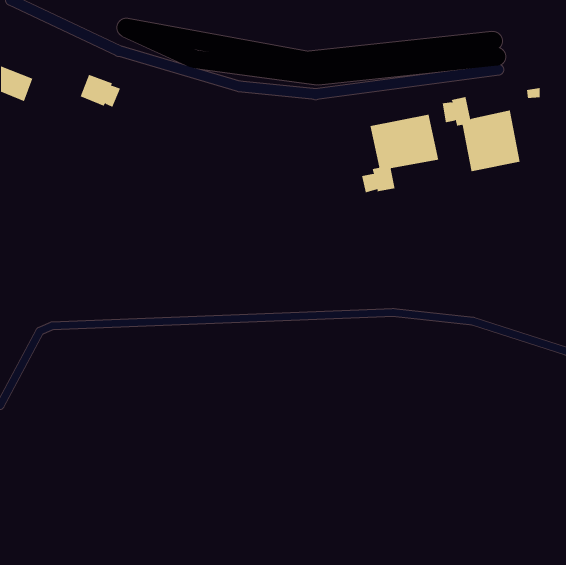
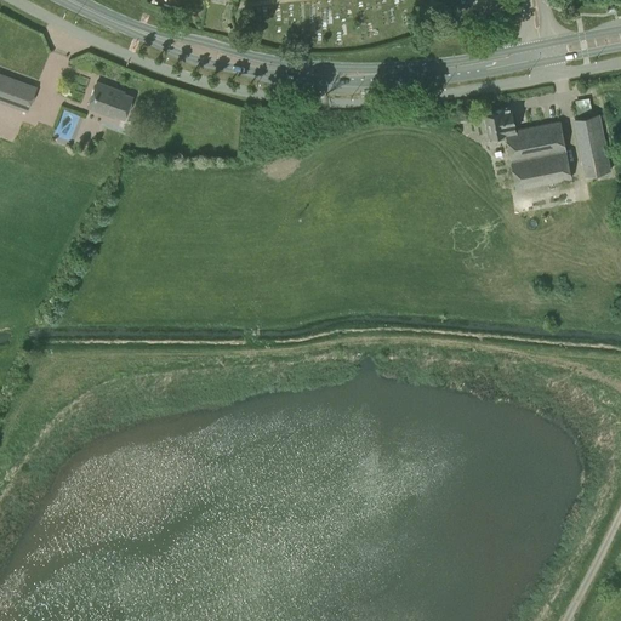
building: none -> [574,115,609,176]
building: [361,114,439,193] -> none

